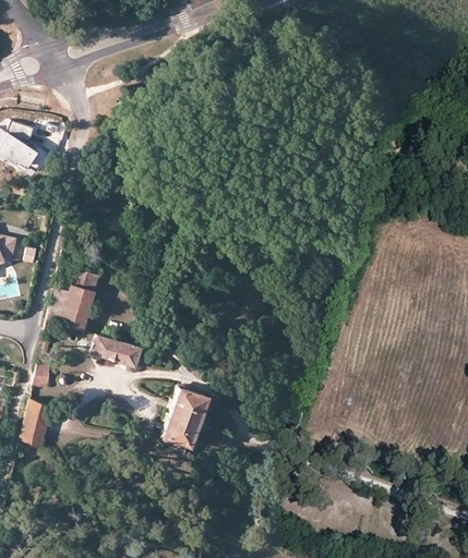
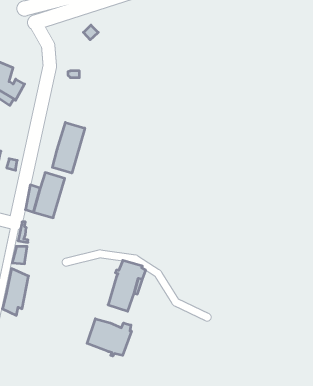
building: none -> [52,122,85,173]
building: [85,335,143,366] -> none
building: none -> [87,319,131,356]

